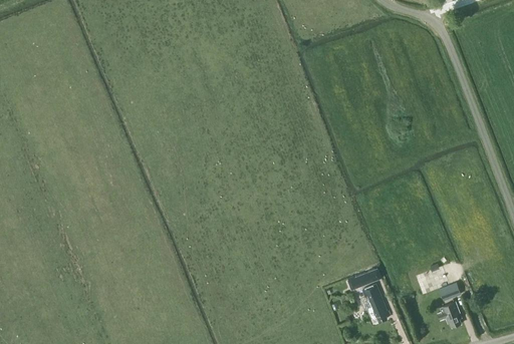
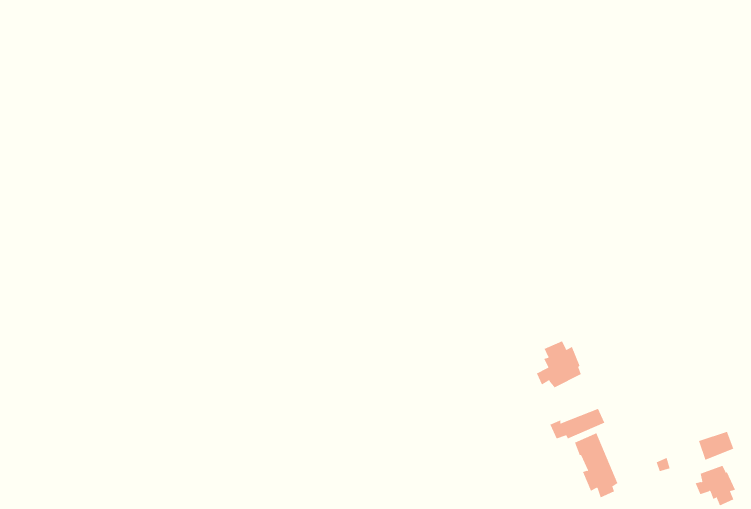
building: none -> [536,341,582,388]

